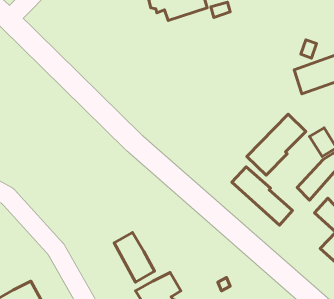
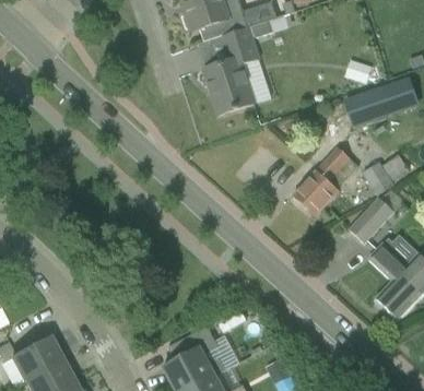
building: none -> [203,26,258,115]
building: [232,167,292,225] -> none
building: [114,233,155,282] -> none

